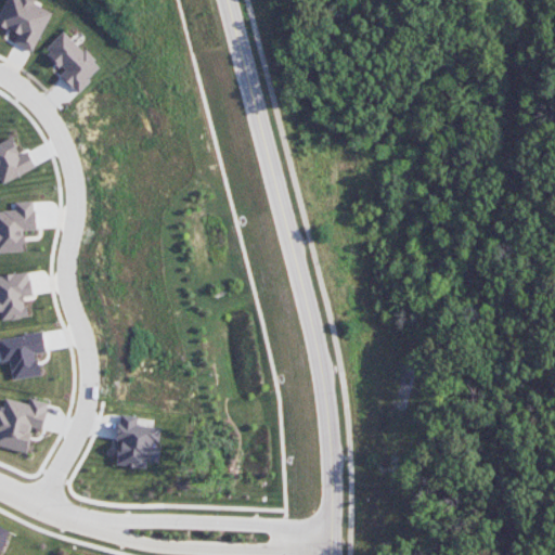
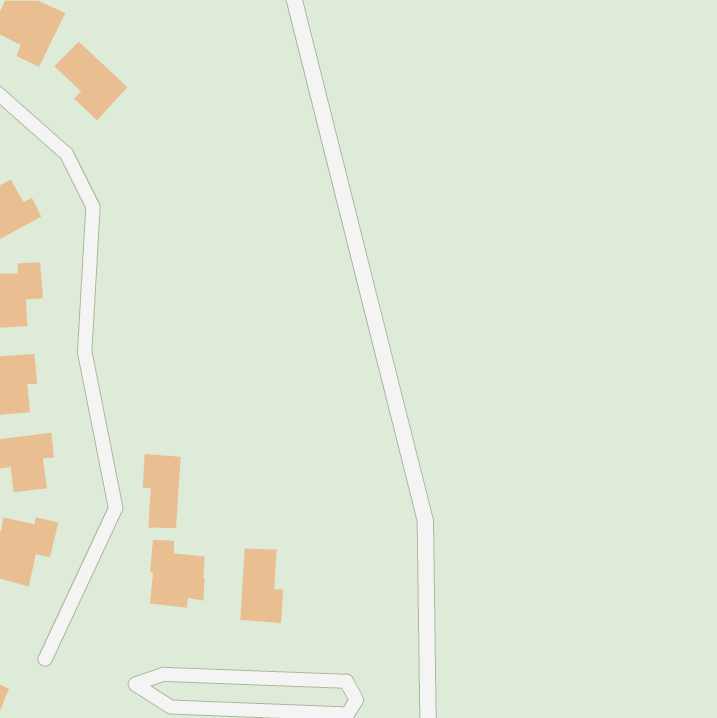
building: none -> [142,453,181,529]
building: none -> [240,548,284,624]

